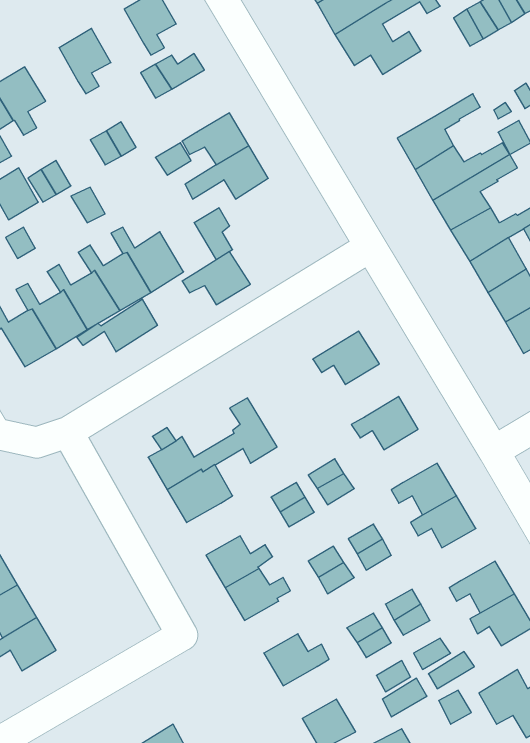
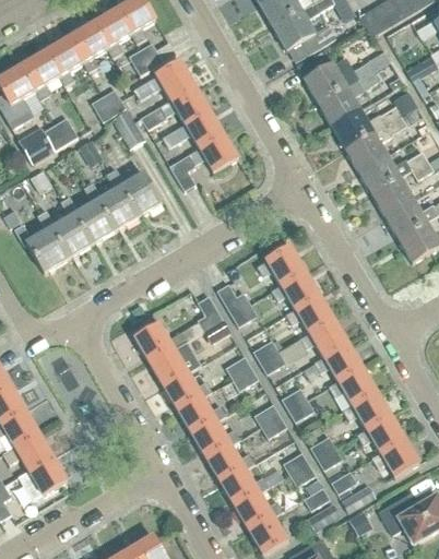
building: none -> [94,8,132,56]
building: none -> [45,36,84,85]
building: none -> [305,50,390,103]
building: none -> [134,60,195,98]
building: none -> [112,109,145,148]
building: [182,251,250,305] -> [189,132,239,171]
building: [77,299,157,352] -> none
building: none -> [271,269,320,308]
building: none -> [217,282,258,324]
building: none -> [300,317,348,356]
building: none -> [164,371,212,409]
building: none -> [343,390,391,428]
building: none -> [206,443,254,481]
building: none -> [235,491,283,530]

